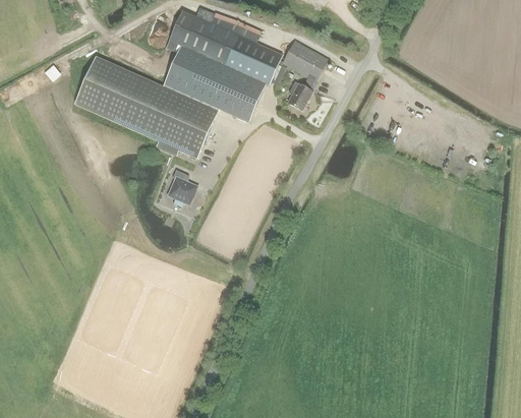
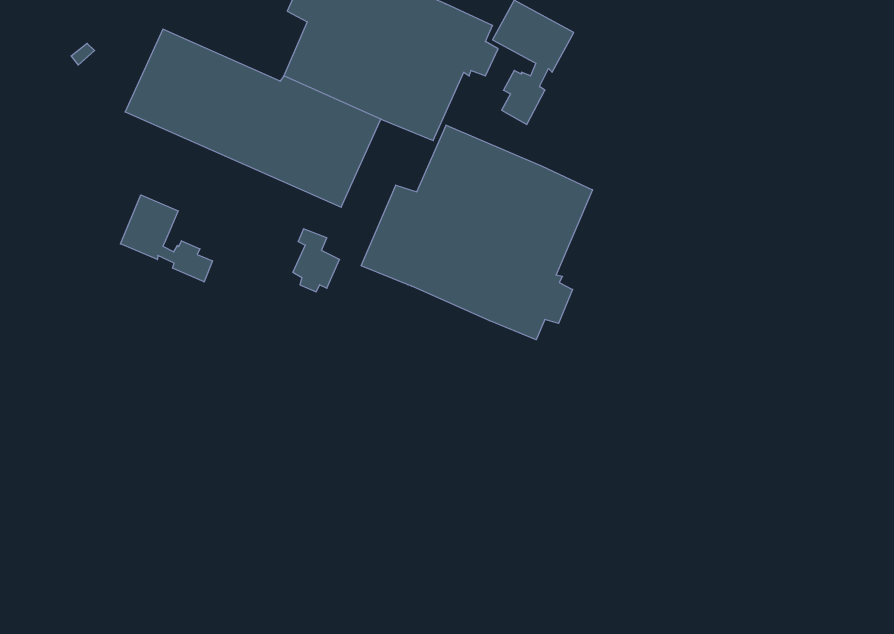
building: none -> [361,125,593,340]
building: none -> [120,195,212,282]

